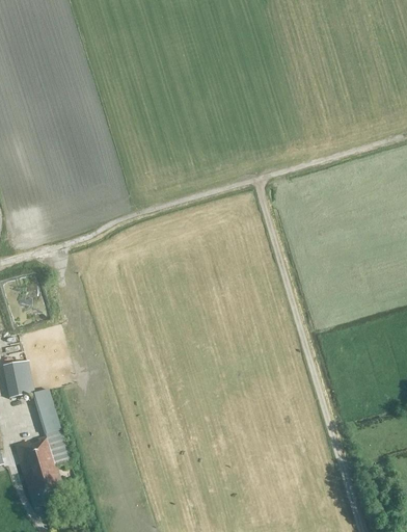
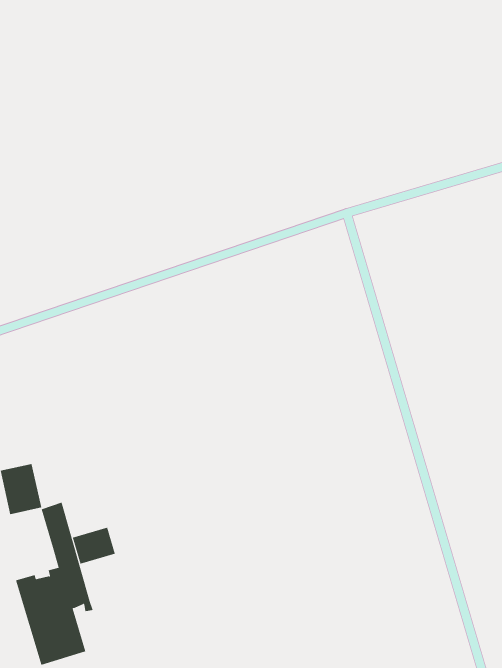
building: none -> [72,527,116,564]

